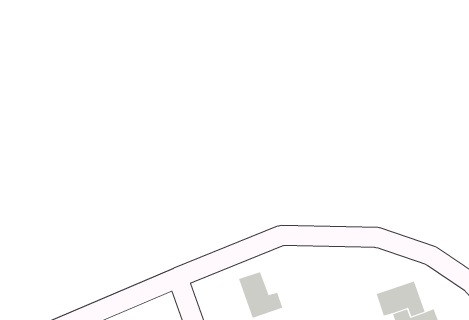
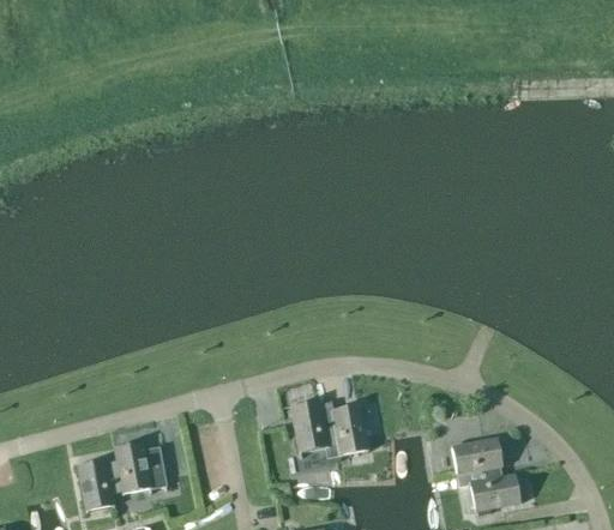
building: none -> [319,398,368,457]

